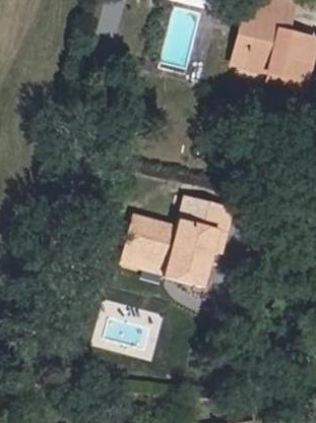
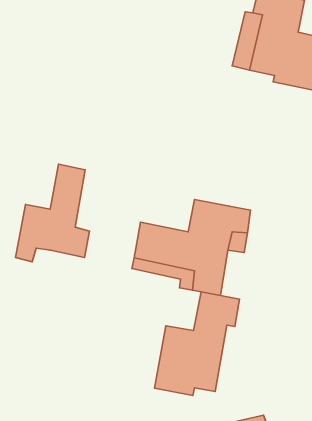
building: none -> [15,164,90,262]
building: none -> [155,292,239,395]

